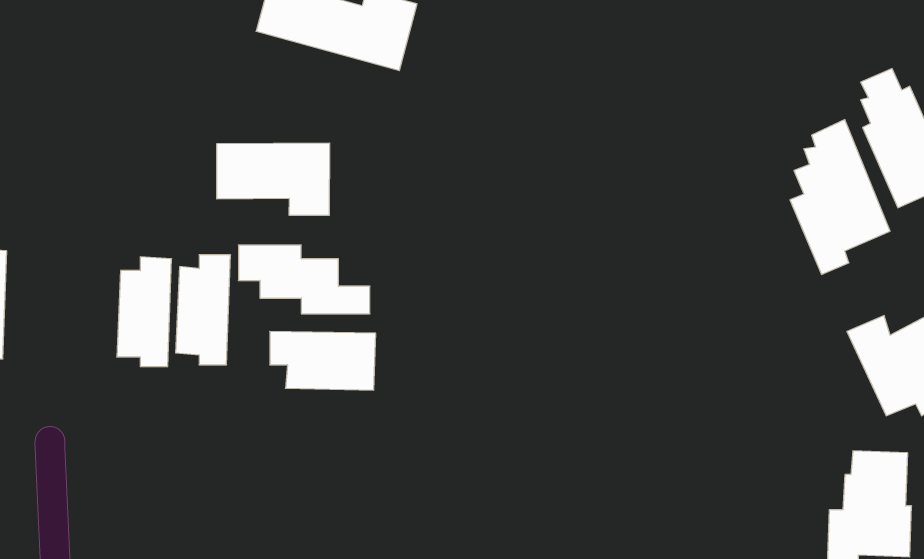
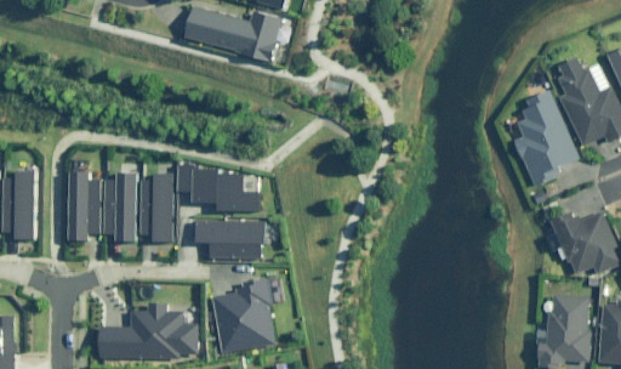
building: [217,143,329,215] -> none
building: none -> [65,172,98,240]
building: none -> [212,279,274,353]
building: none -> [103,303,195,356]

